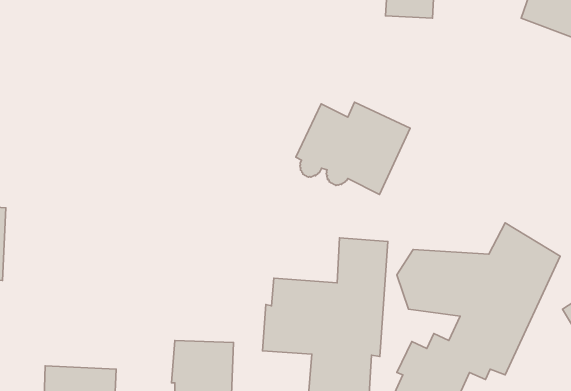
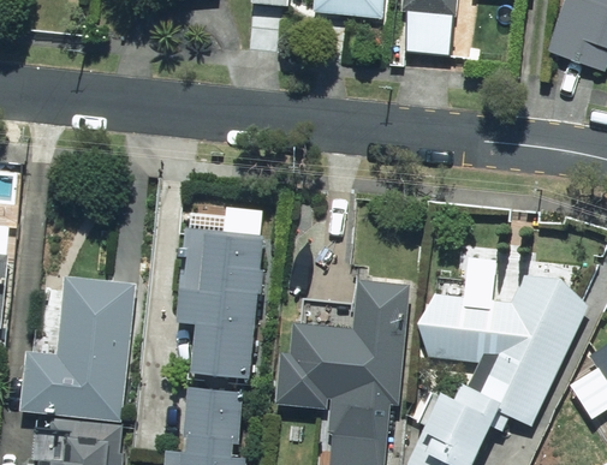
building: [296,102,410,194] -> none
building: none -> [191,232,268,380]
building: none -> [20,276,131,418]

